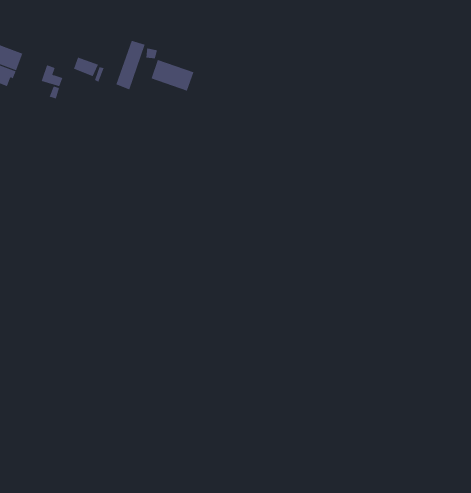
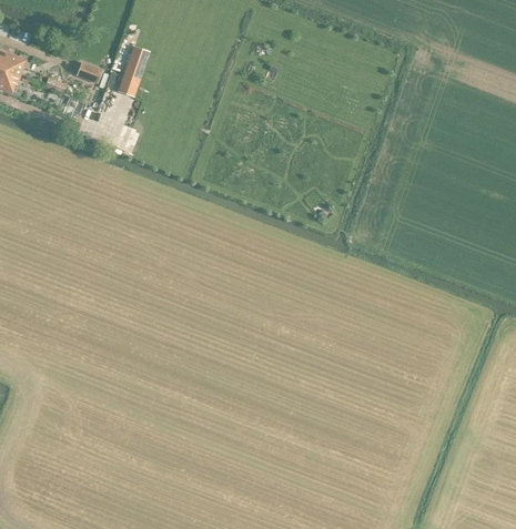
building: [151,59,194,91] -> none

